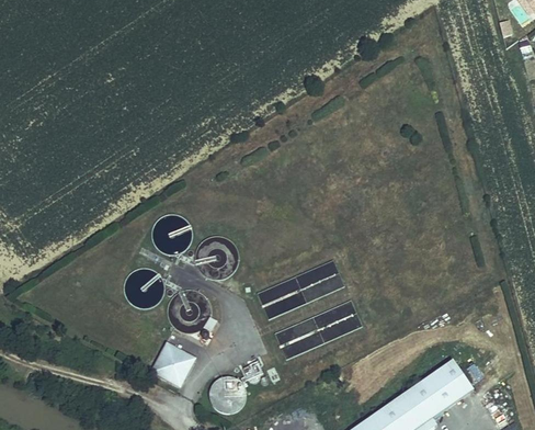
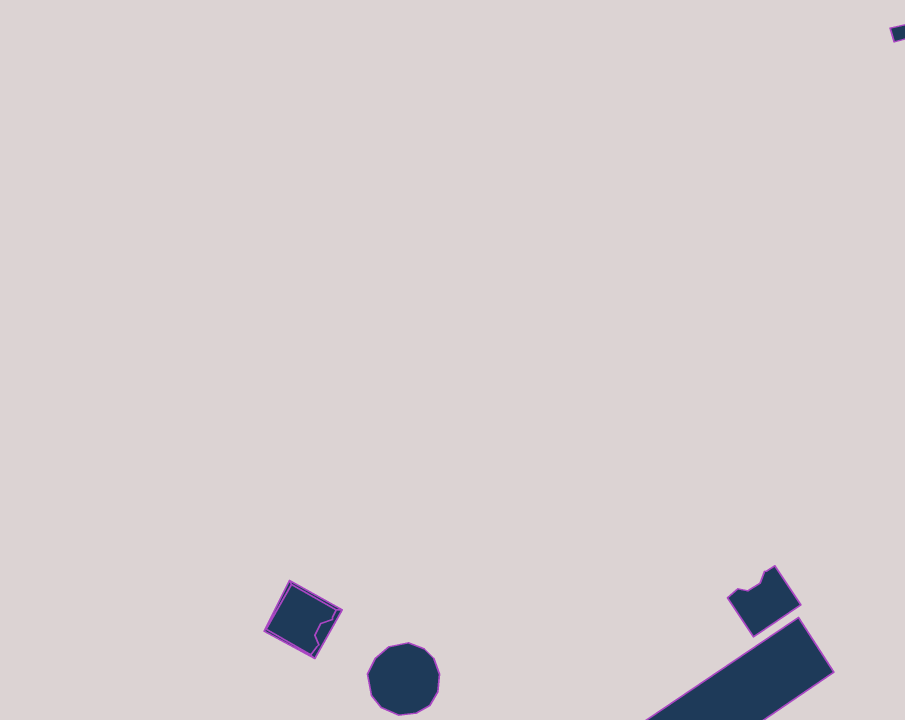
building: none -> [727,566,801,637]

